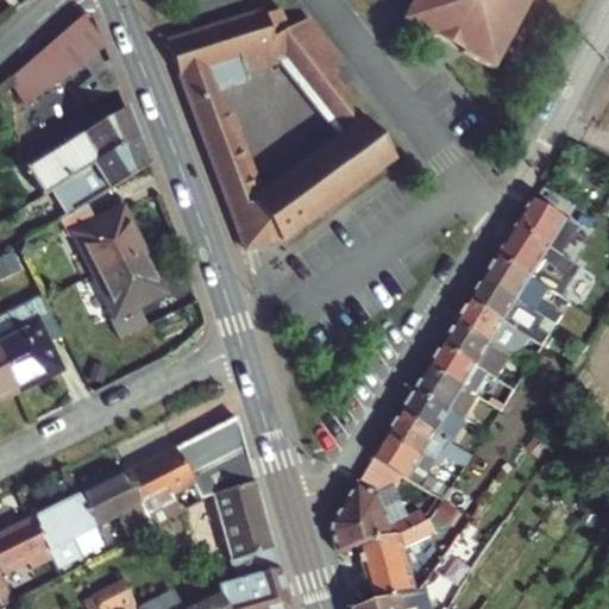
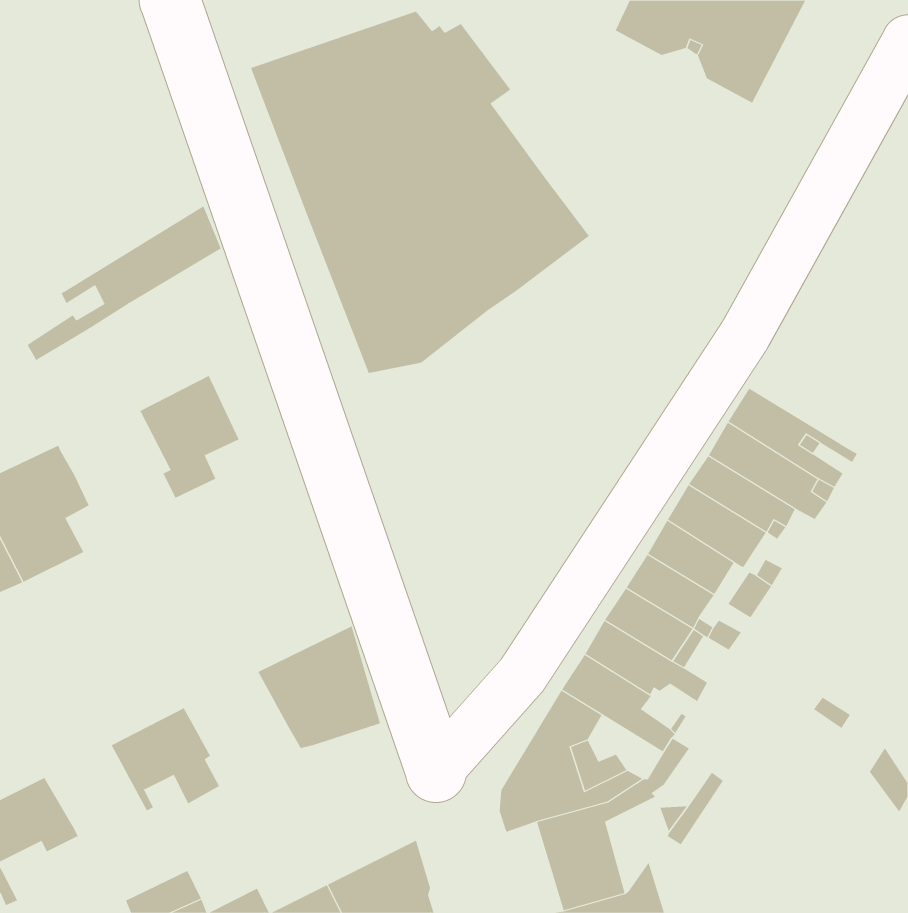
building: [5,8,117,103] -> none
building: [25,106,136,194] -> none
building: [498,201,580,297] -> none
building: [59,202,139,274] -> none
building: [123,447,190,523] -> none
building: [209,482,274,559] -> none
building: [30,496,102,566] -> none

